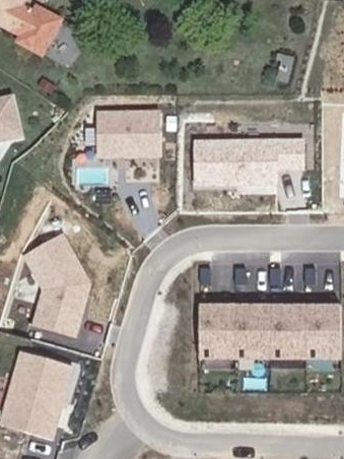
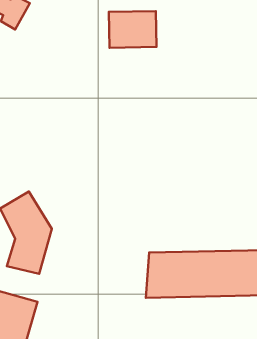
building: [96,111,153,154] -> [109,11,157,48]
building: [192,139,301,186] -> none

